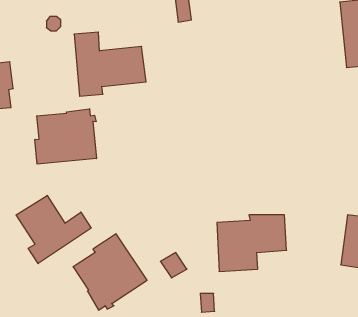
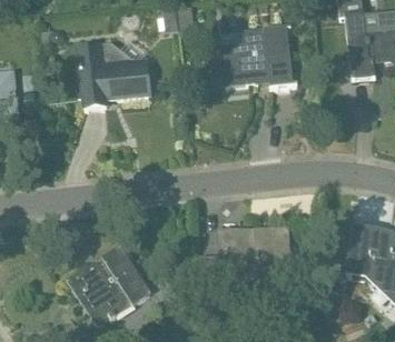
building: none -> [221,24,294,83]
building: [35,109,96,164] -> none
building: [16,195,91,264] -> none

